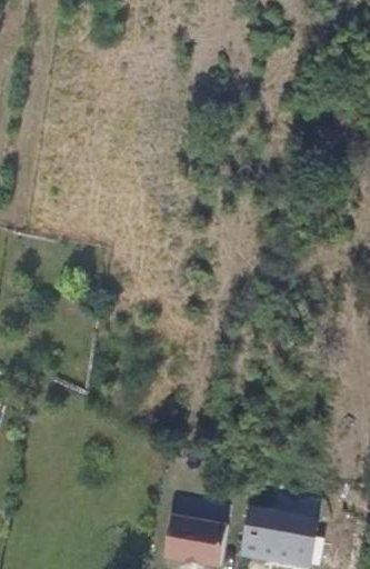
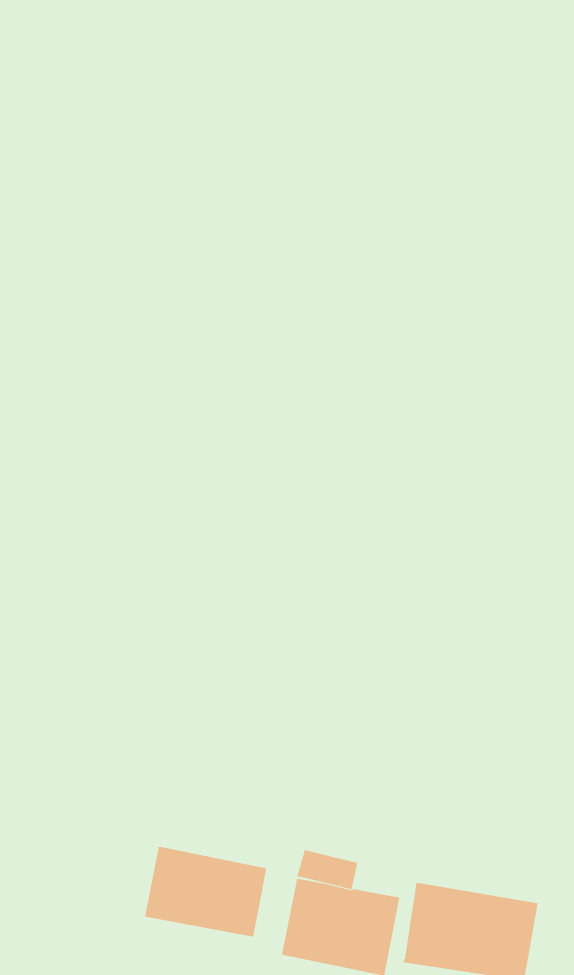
building: none -> [145,846,267,938]

